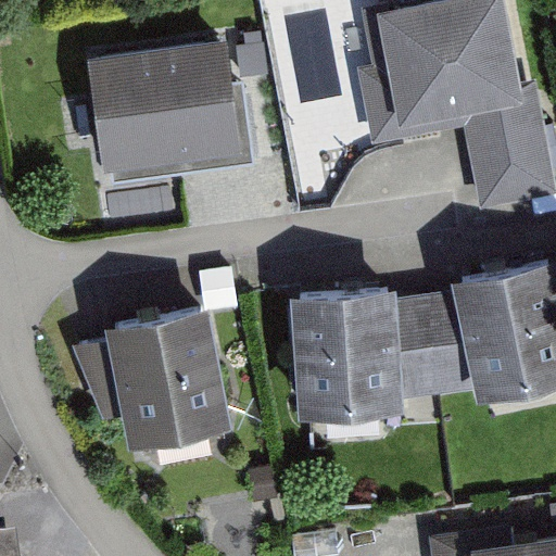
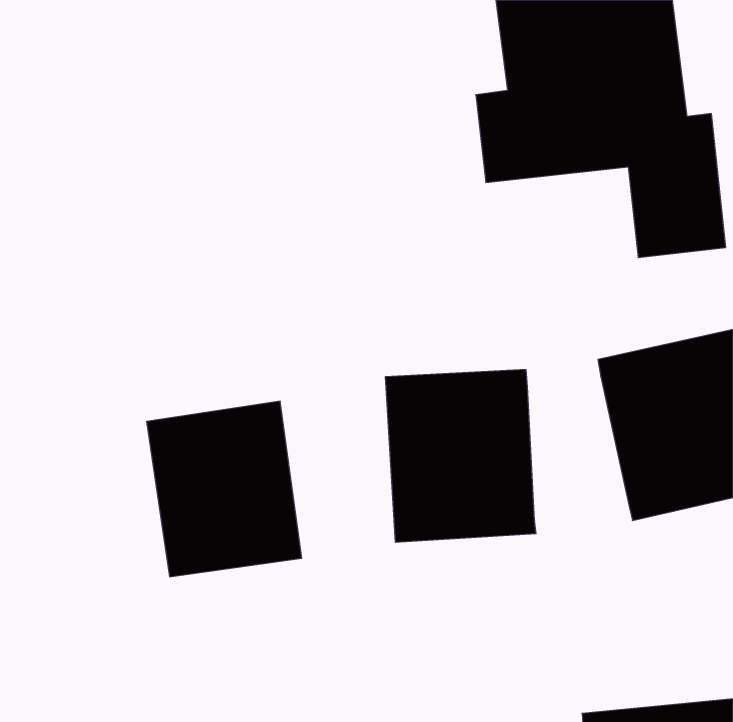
building: [92,45,245,179] -> none
building: [399,294,476,403] -> none

